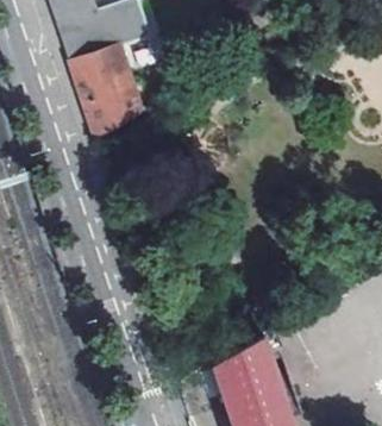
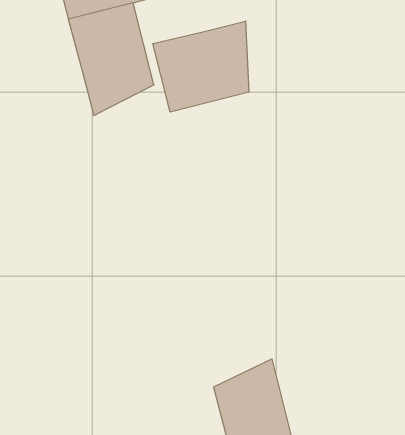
building: none -> [153,21,249,112]

